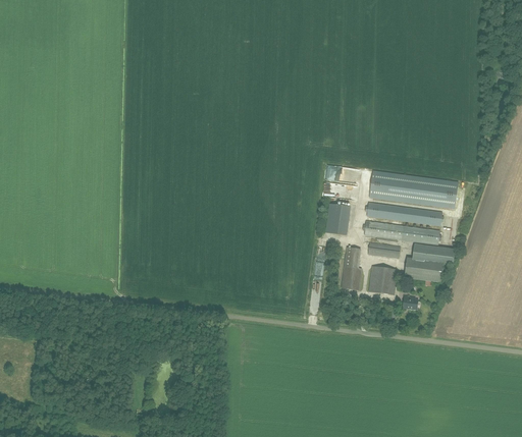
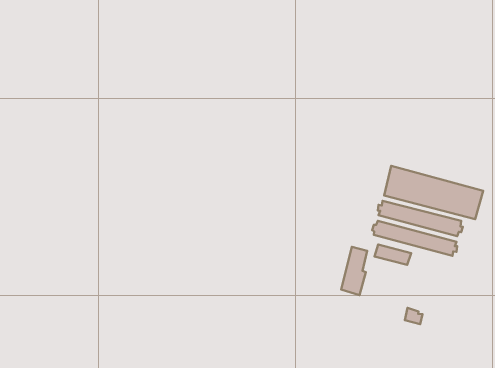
building: [325,204,349,235] -> none
building: [404,243,455,282] -> none
building: [368,266,397,294] -> none

